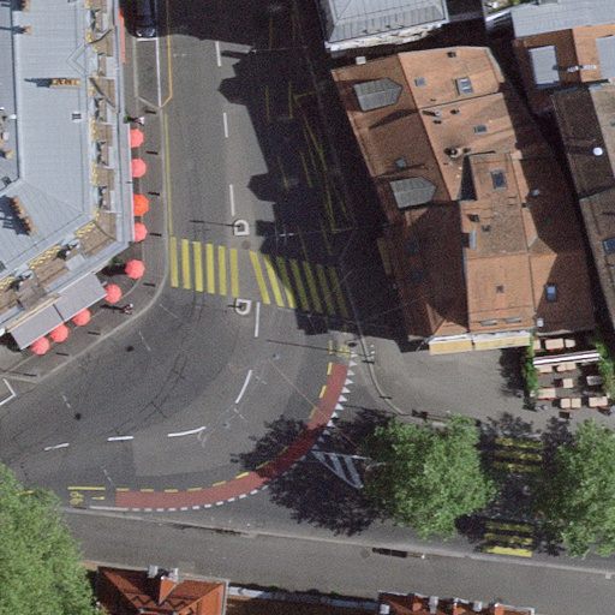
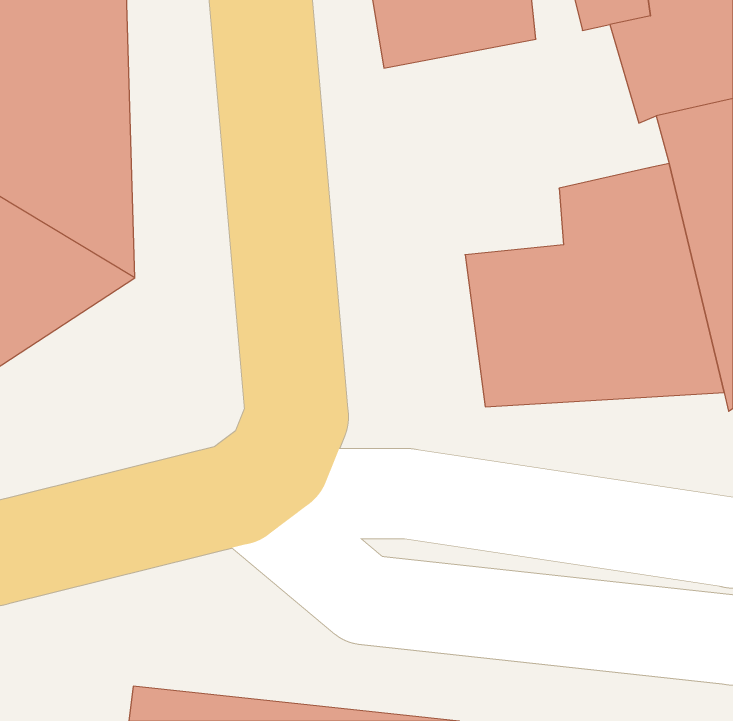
building: [333,43,538,211] -> none

